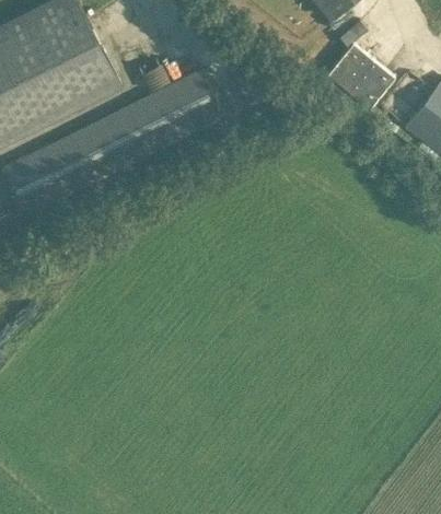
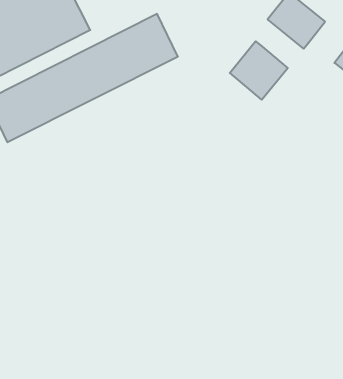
building: none -> [230,41,288,100]

